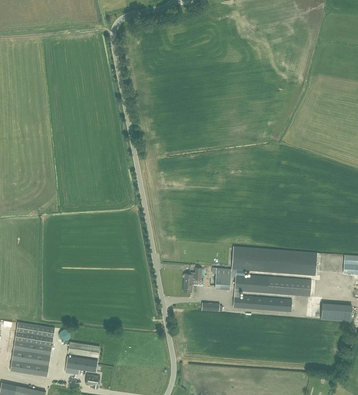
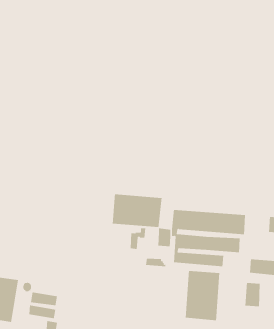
building: none -> [112,193,162,228]
building: none -> [185,270,220,321]
building: none -> [245,282,260,307]

